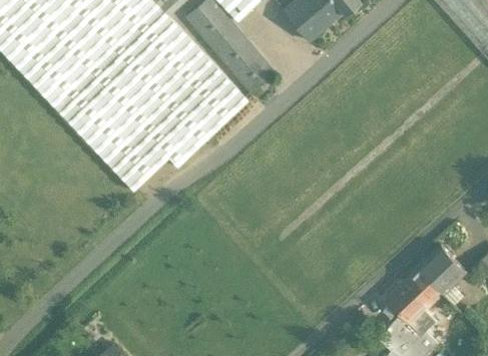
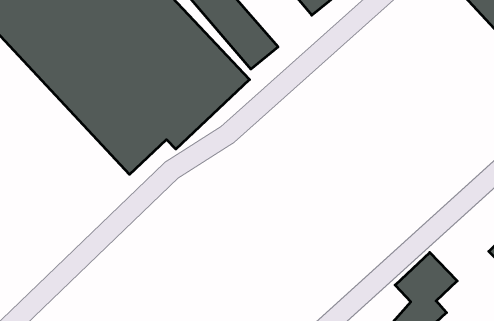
building: [419,245,467,293] -> none

